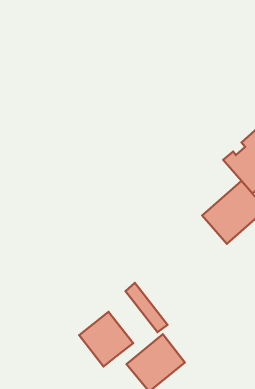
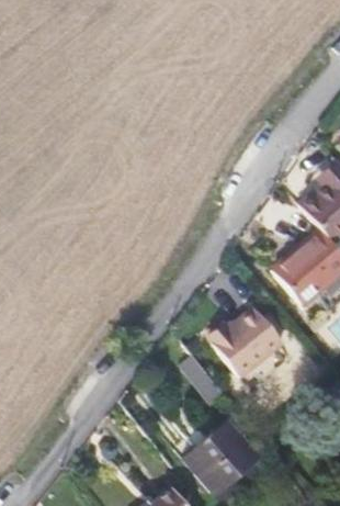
building: none -> [209,304,283,378]
building: [79,312,133,367] -> none

